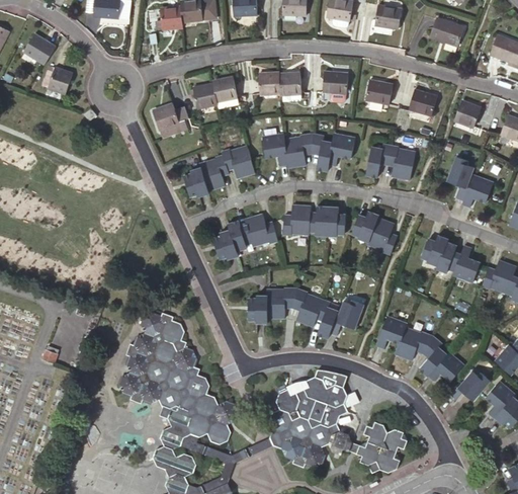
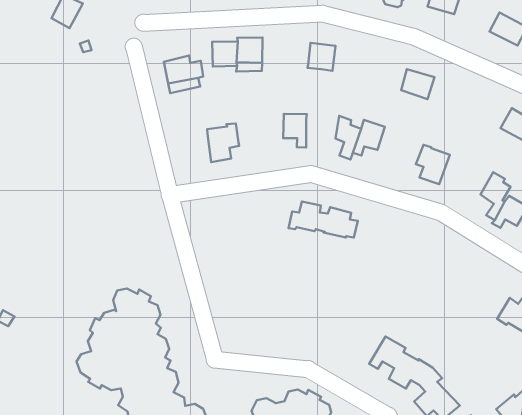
building: [255,70,278,93] -> none
building: [320,72,346,93] -> none
building: [410,88,439,114] -> none
building: [284,132,313,166] -> none
building: [223,143,255,175] -> none
building: [366,143,391,175] -> none
building: [183,166,207,195] -> none
building: [214,215,279,260] -> none
building: [349,215,396,257] -> none
building: [420,234,477,277] -> none
building: [248,287,362,337] -> none

